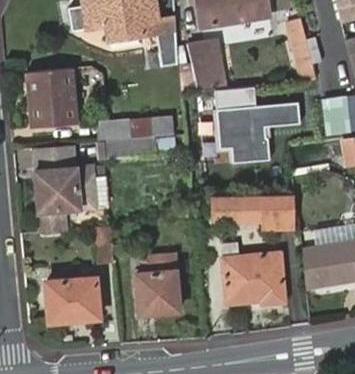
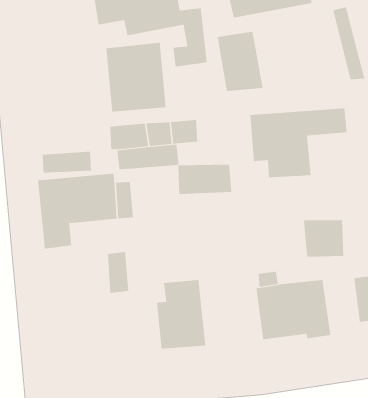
building: [24,66,76,126] -> [106,42,166,112]
building: [217,201,264,227] -> [177,164,232,194]
building: [46,276,99,320] -> none

